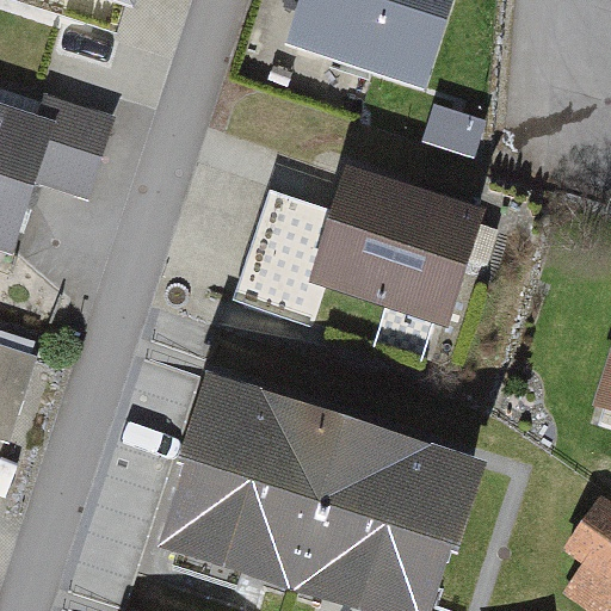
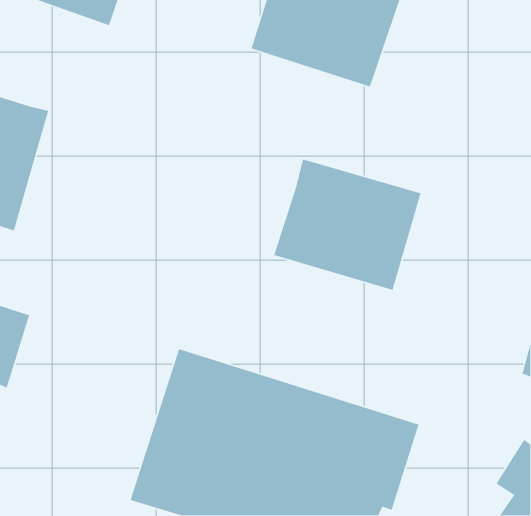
building: [36,97,115,203] -> none
building: [230,192,338,332] -> none

